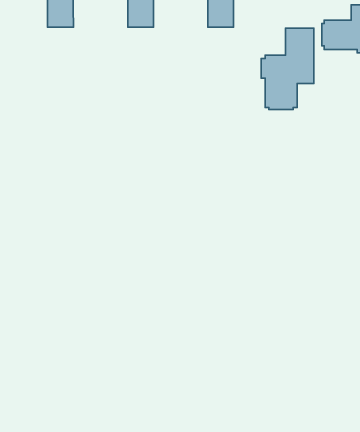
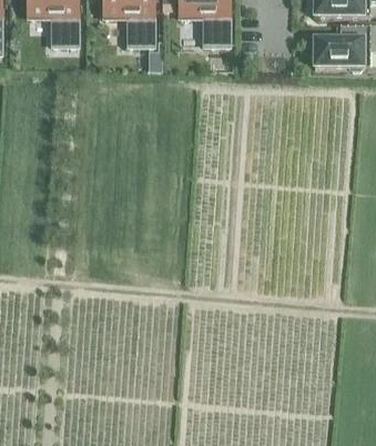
building: [261,28,314,110] -> none

